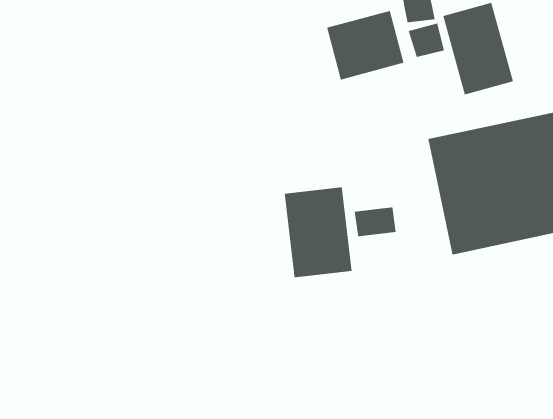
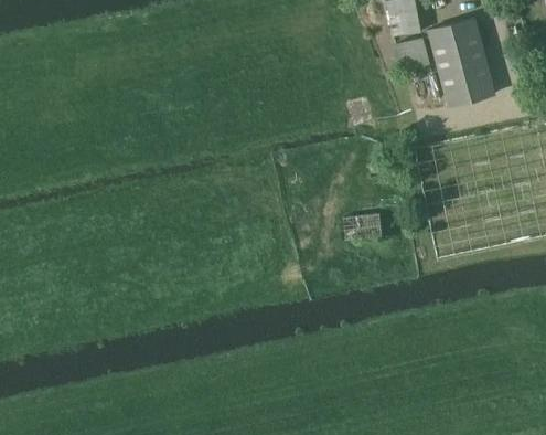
building: [326,10,404,80] -> none
building: [284,186,352,278] -> none

